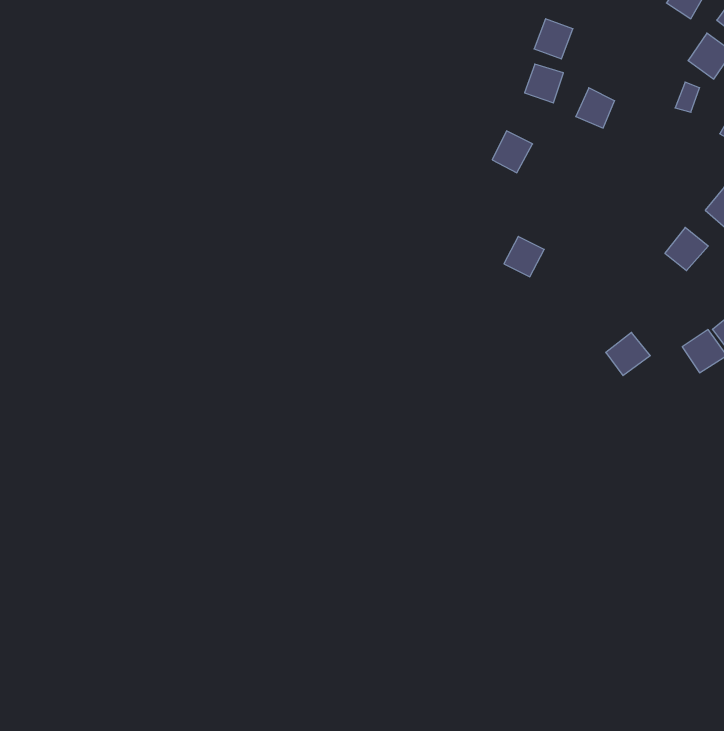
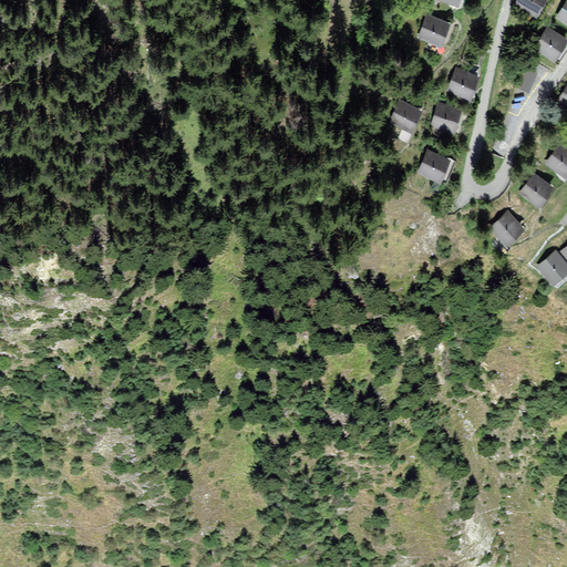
building: [525,64,563,103] -> [433,103,463,133]
building: [504,236,544,277] -> [414,152,445,183]
building: [606,332,650,376] -> [484,214,518,247]

